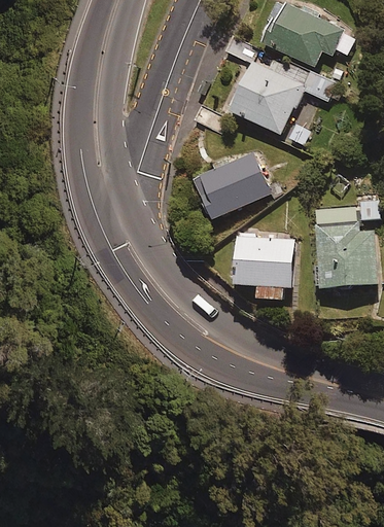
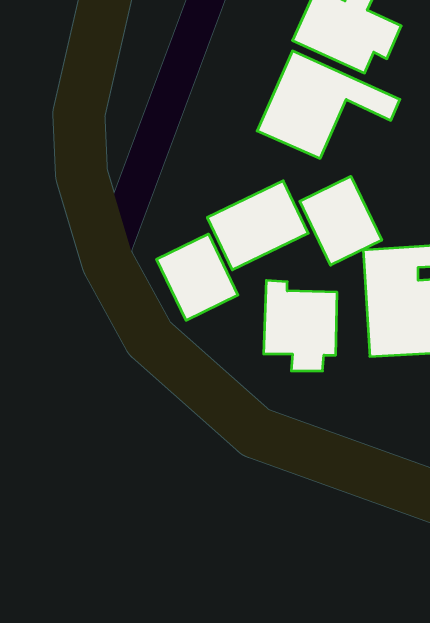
building: none -> [300,176,382,265]
building: none -> [157,234,238,320]

